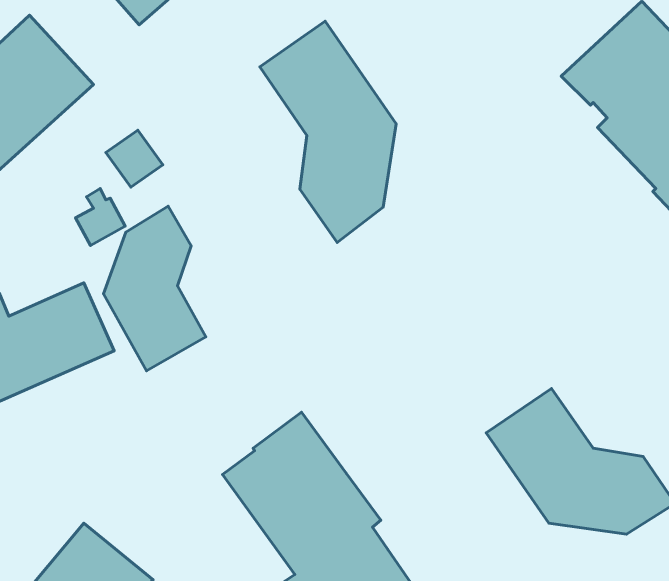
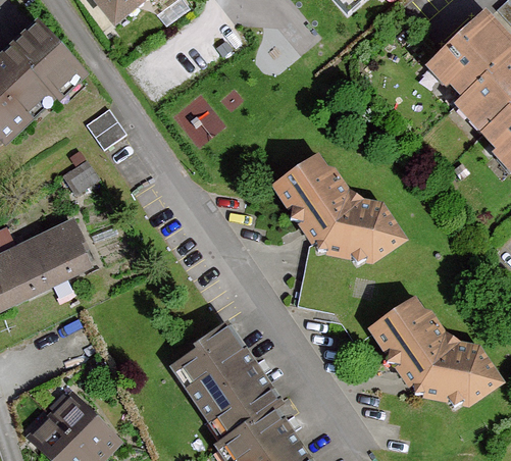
building: [260,21,396,242] -> none
building: none -> [269,153,407,260]
building: [103,206,206,371] -> none

